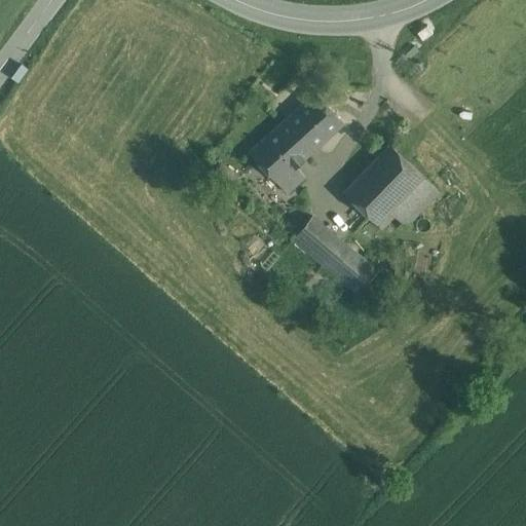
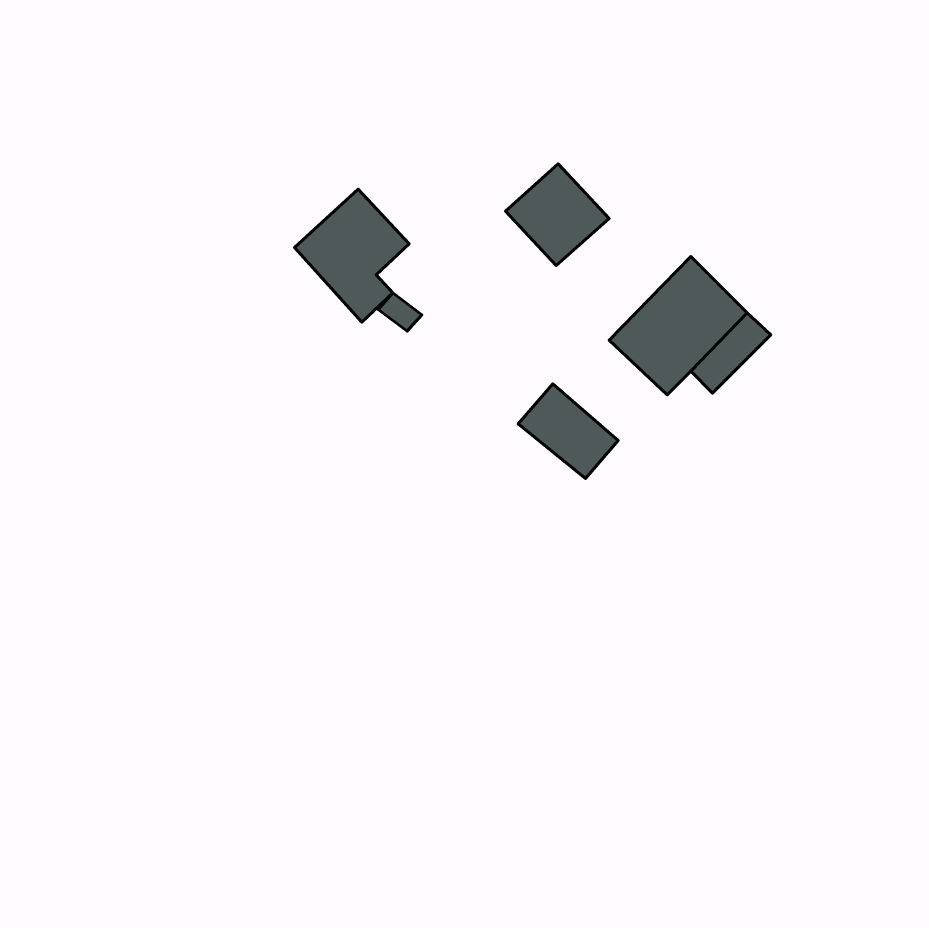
building: [250,120,314,195] -> [295,189,409,322]
building: [331,250,374,292] -> none

